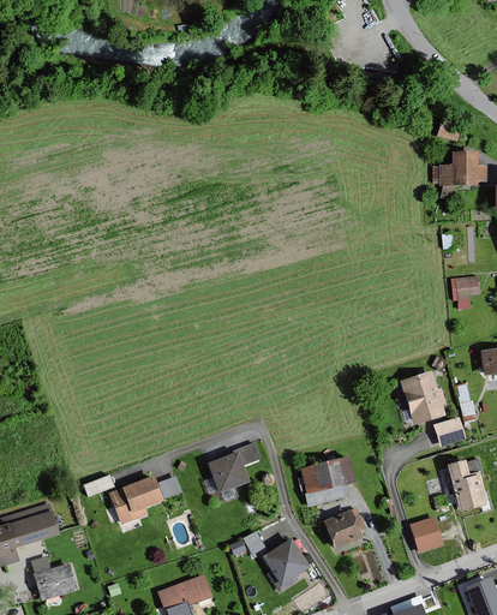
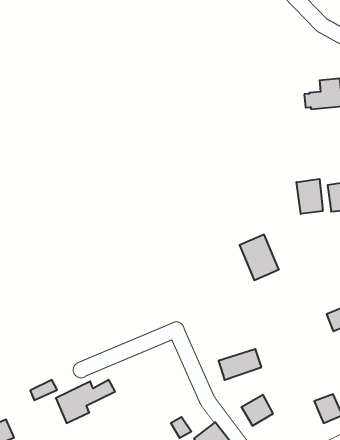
building: none -> [296,179,323,214]
building: [401,372,444,424] -> [239,235,279,280]
building: [209,444,259,492] -> none

